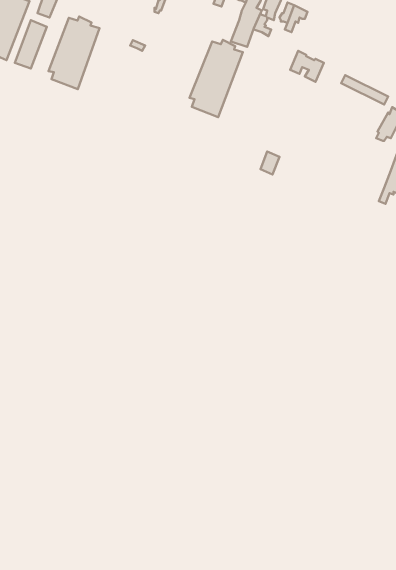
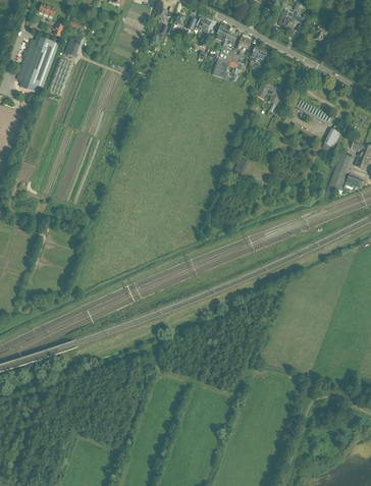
building: [49,16,99,89] -> none
building: [189,40,243,117] -> none

